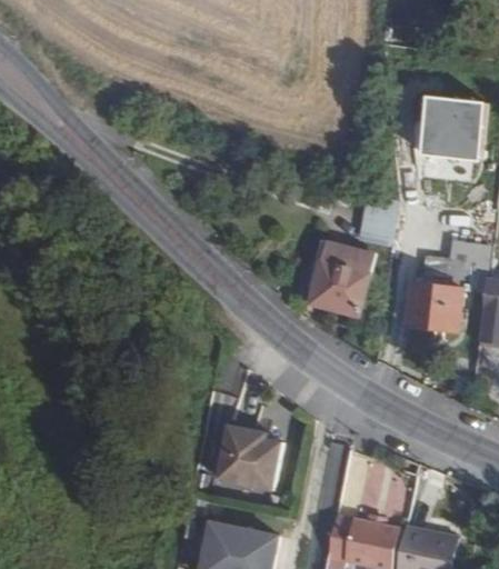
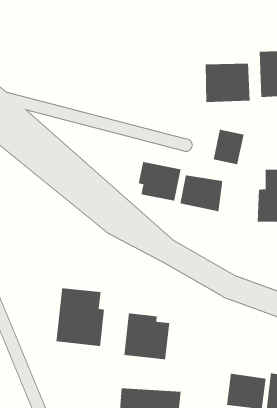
building: none -> [205,63,250,103]
building: none -> [138,161,181,201]
building: none -> [56,288,105,347]

